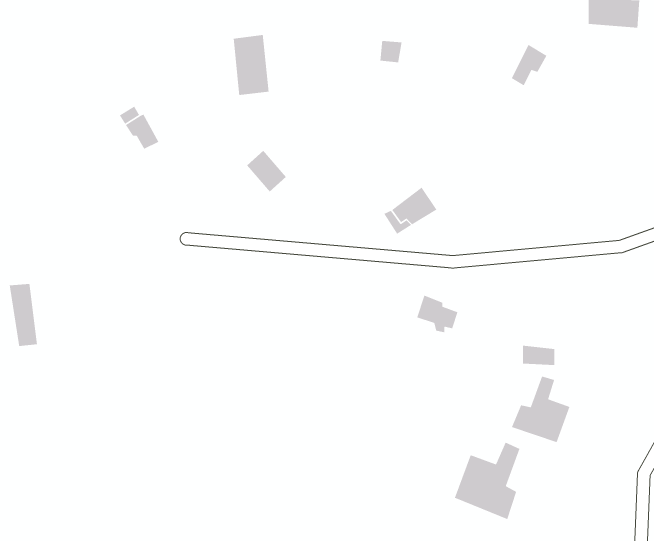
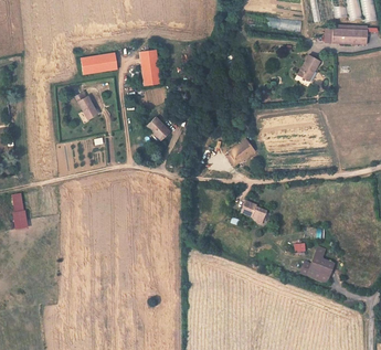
building: none -> [78,53,116,74]
building: [454,441,520,520] -> none

